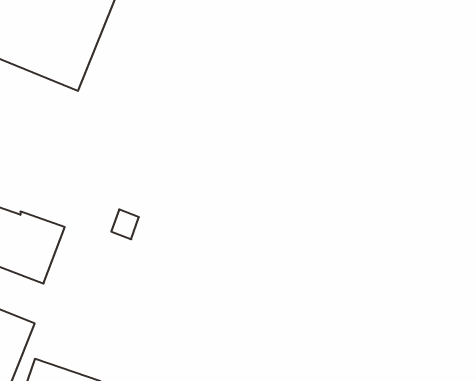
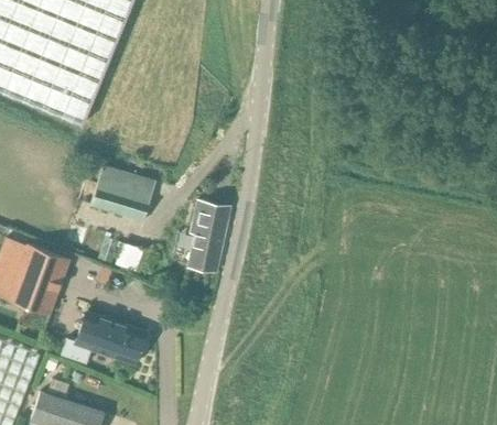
building: none -> [90,165,153,220]
building: none -> [187,199,228,270]
building: none -> [60,313,145,363]

